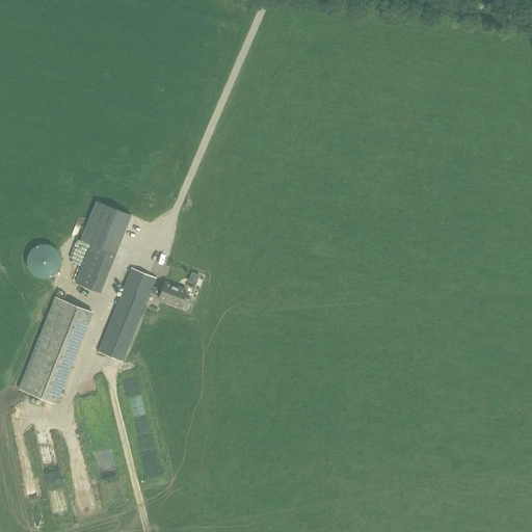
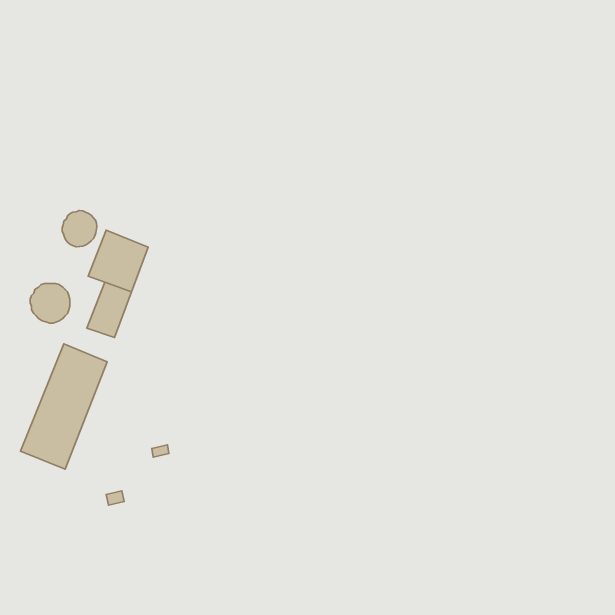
building: none -> [62,210,97,247]
building: [98,267,186,361] -> none

